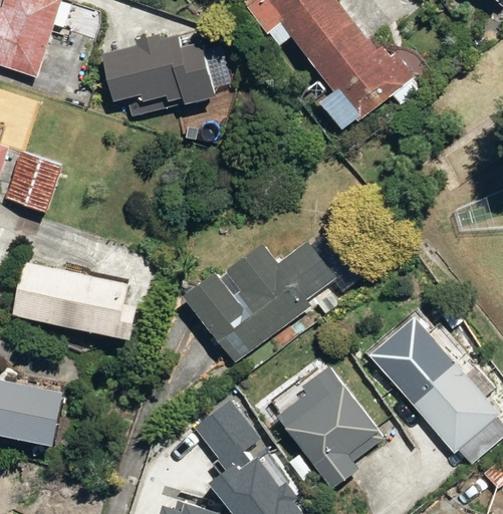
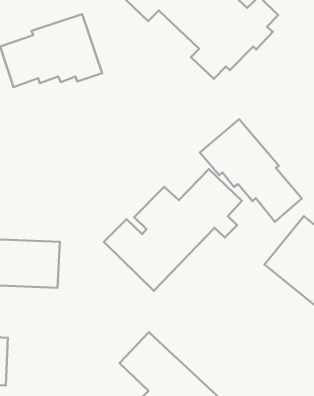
building: none -> [200,119,302,222]
building: [272,361,384,485] -> none

